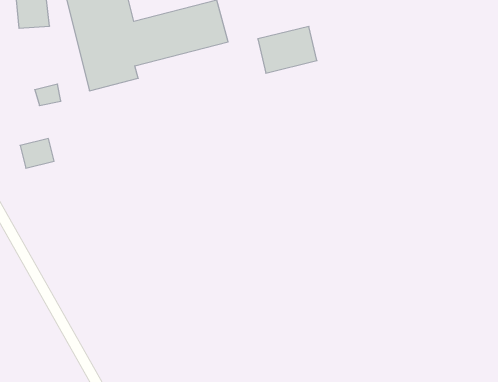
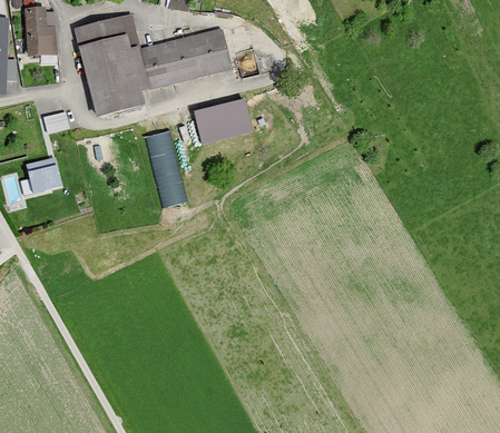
building: [258,26,317,73] -> [194,97,252,142]
building: none -> [146,125,188,203]

